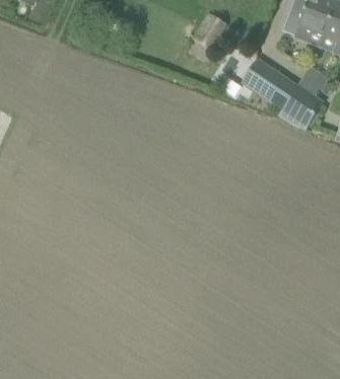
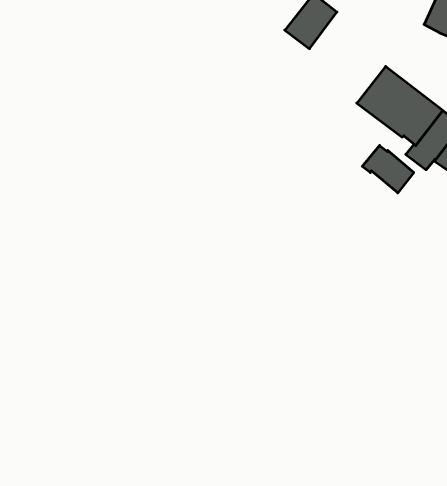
building: none -> [362,145,414,193]

